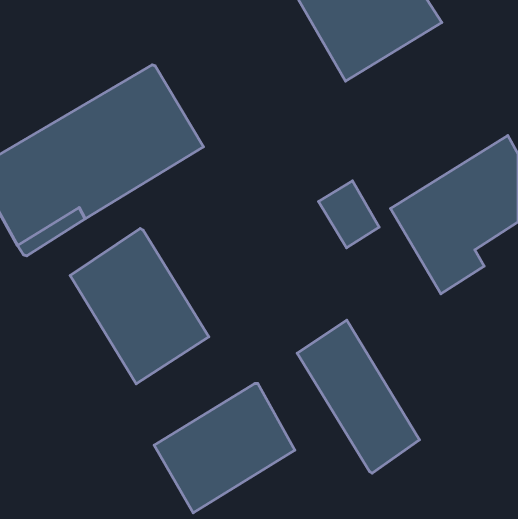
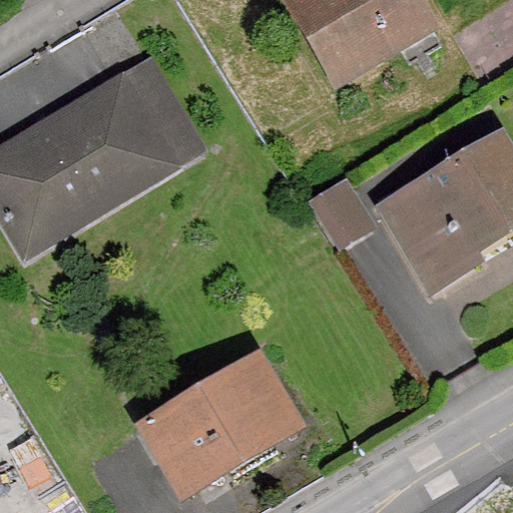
building: [70,229,209,384] -> none
building: [297,320,420,473] -> none

